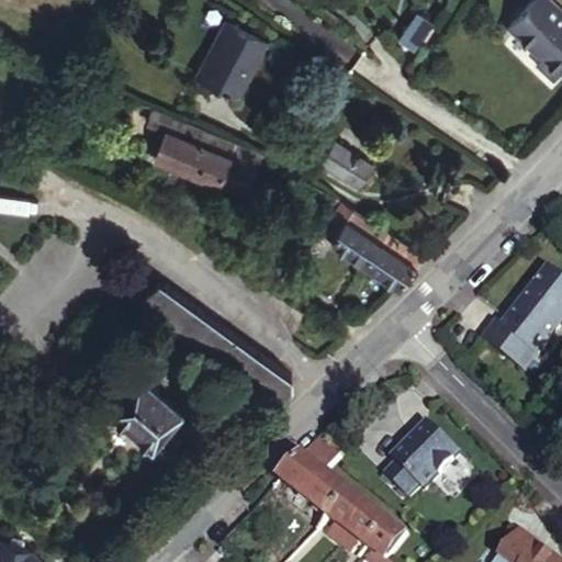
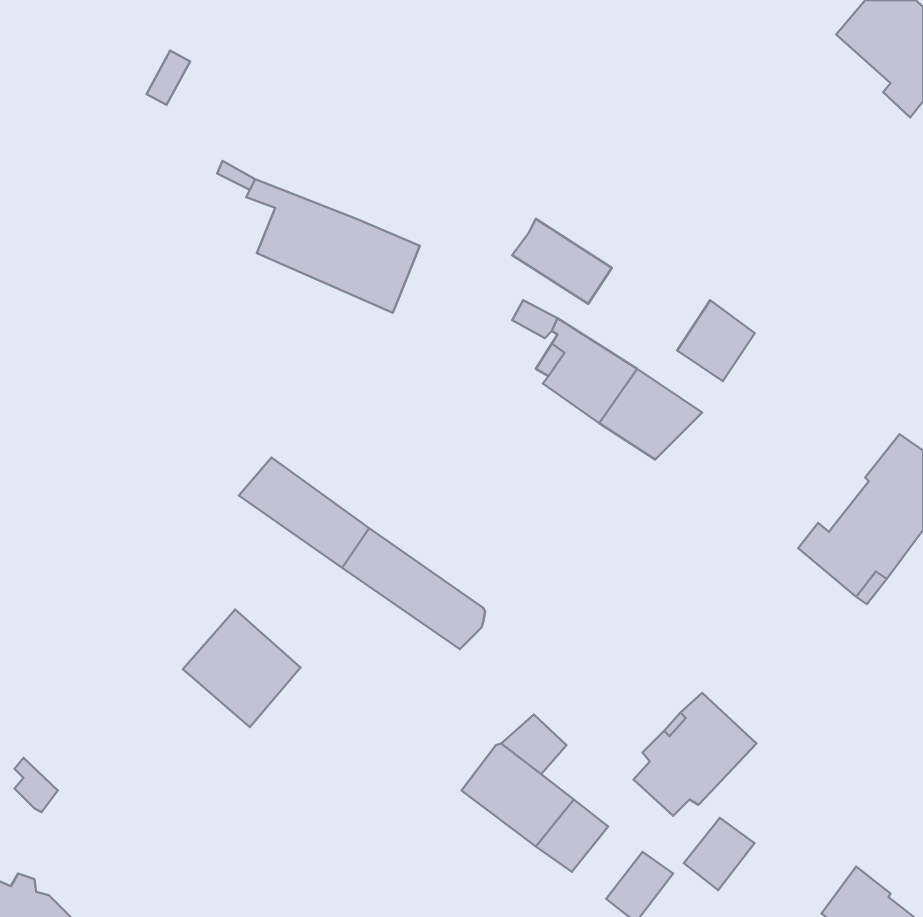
building: [187,15,258,92] -> none
building: none -> [677,300,755,381]
building: [347,506,390,550] -> [684,818,754,890]

